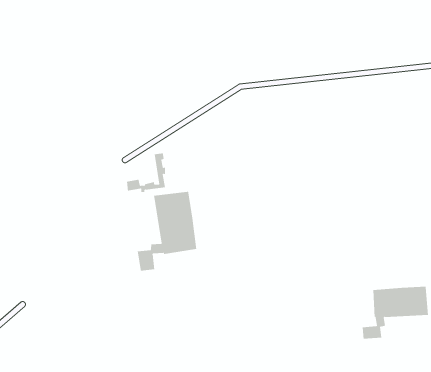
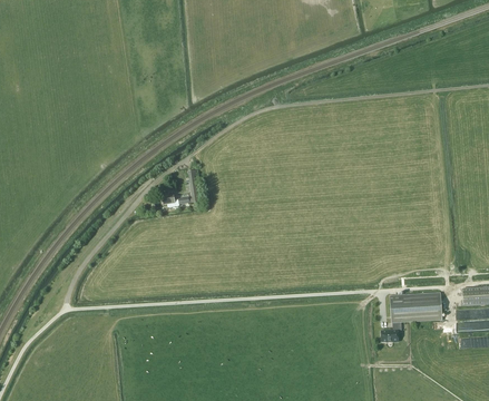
building: [137,191,197,271] -> none

